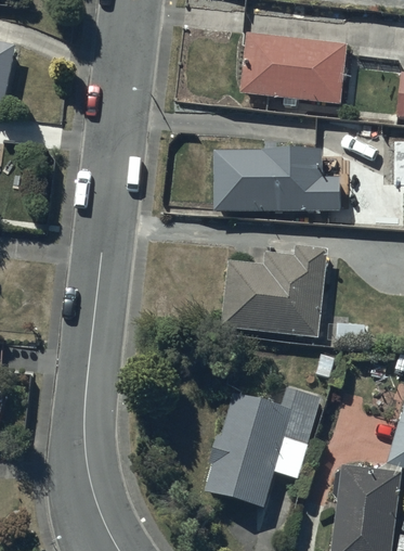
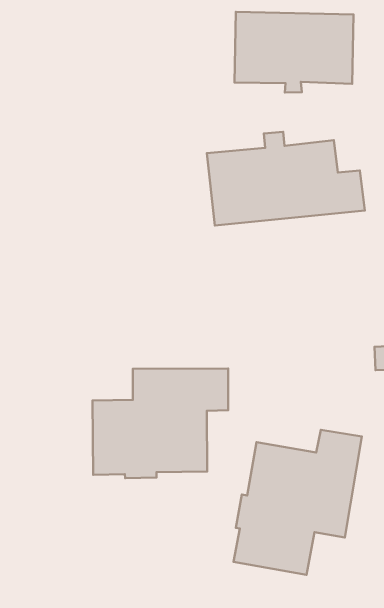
building: [221,247,327,336] -> none
building: none -> [92,369,228,478]

